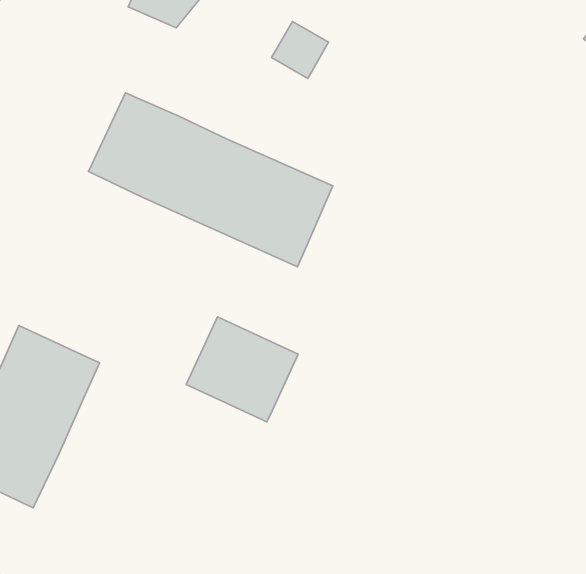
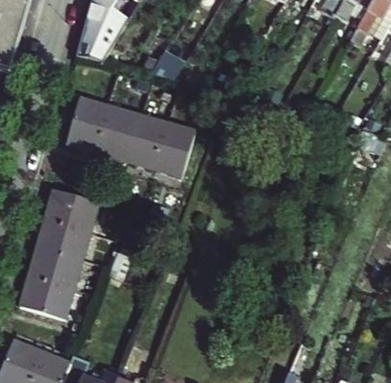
building: [186,317,298,422] -> [45,188,100,238]

